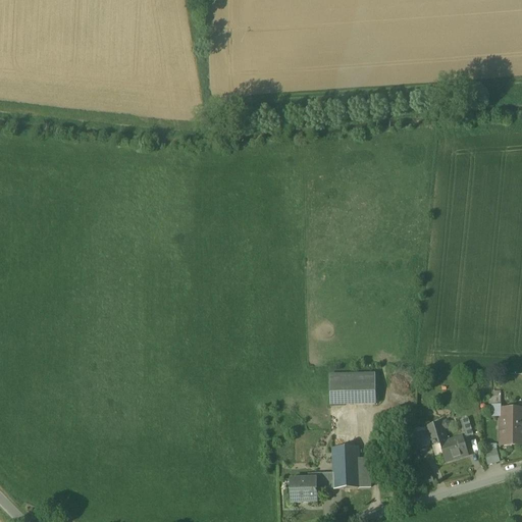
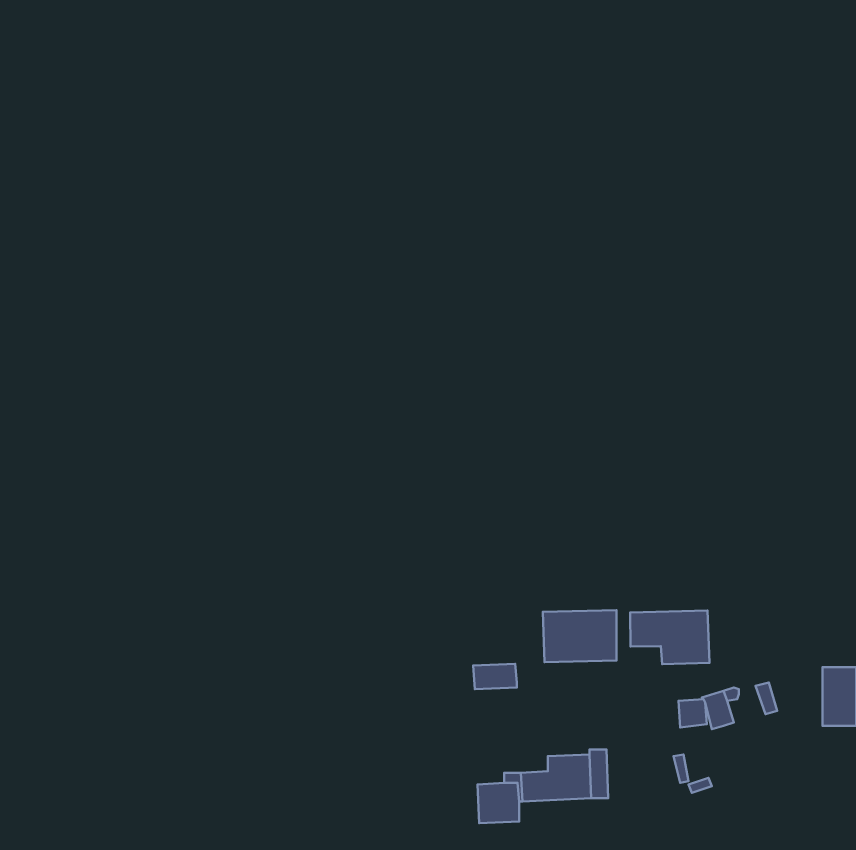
building: none -> [630,611,709,664]
building: [440,434,468,459] -> none
building: [332,445,359,460] -> [473,664,517,689]

